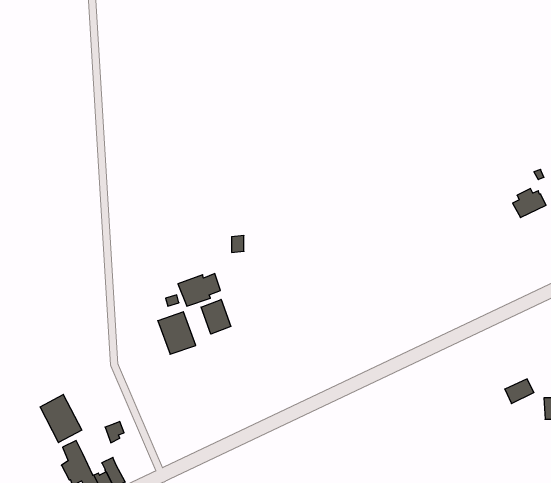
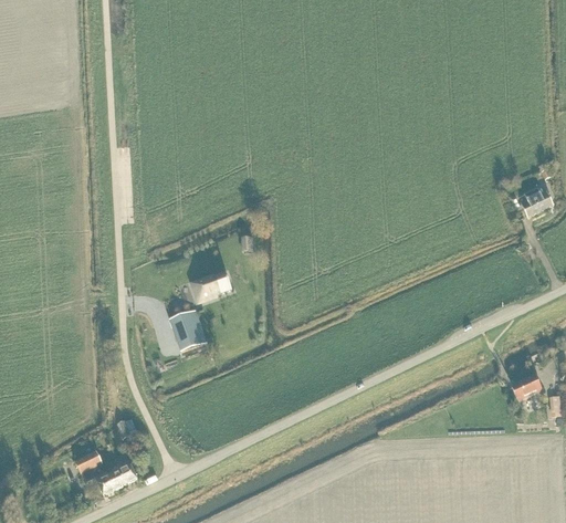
building: [201,299,231,334] -> none
building: [40,394,82,443] -> none

